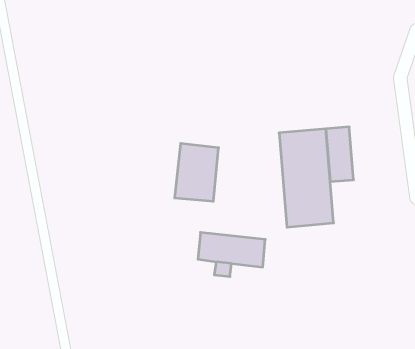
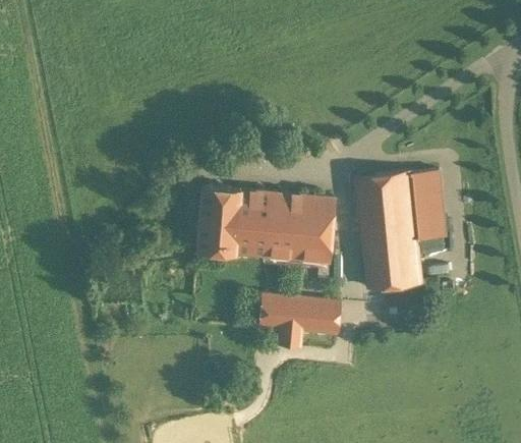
building: none -> [196,186,241,255]
building: none -> [280,196,335,264]

